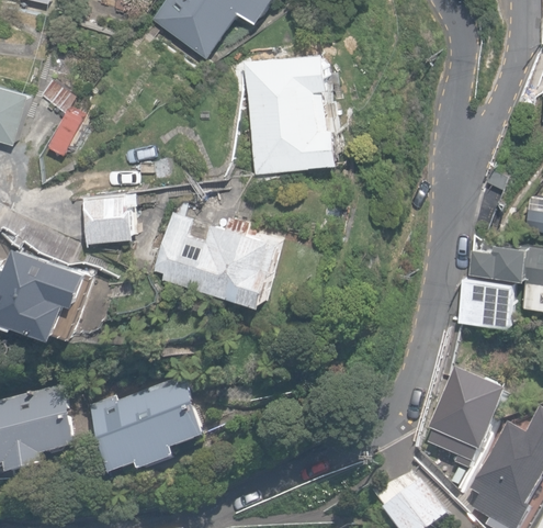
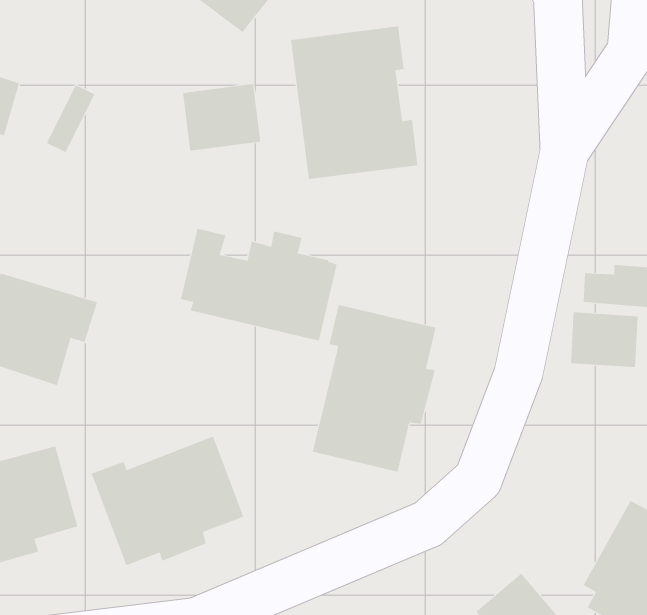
building: none -> [183,83,261,152]
building: [82,192,138,243] -> none
building: none -> [312,304,436,473]
building: [425,371,506,473] -> none

